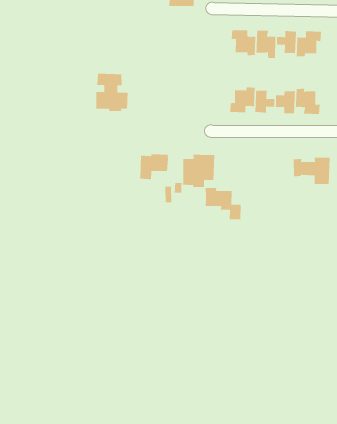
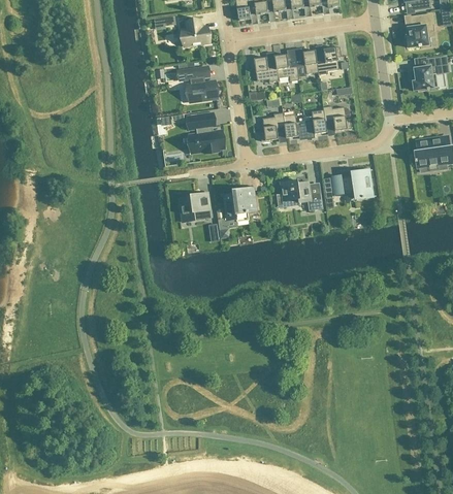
building: none -> [179,67,217,100]
building: [95,73,129,111] -> [188,112,224,152]
building: [199,187,244,220] -> [276,179,323,209]

